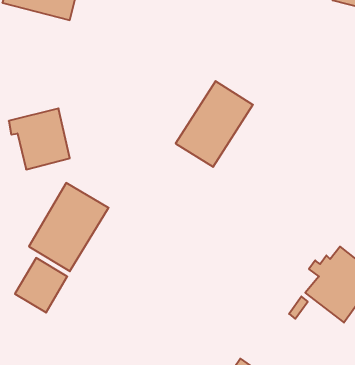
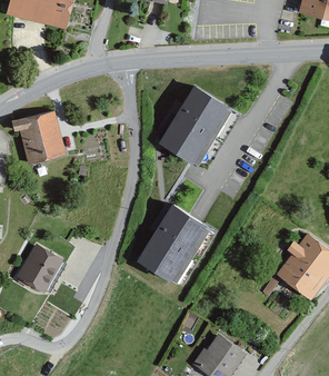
building: [29,183,109,271] -> [139,202,210,281]

